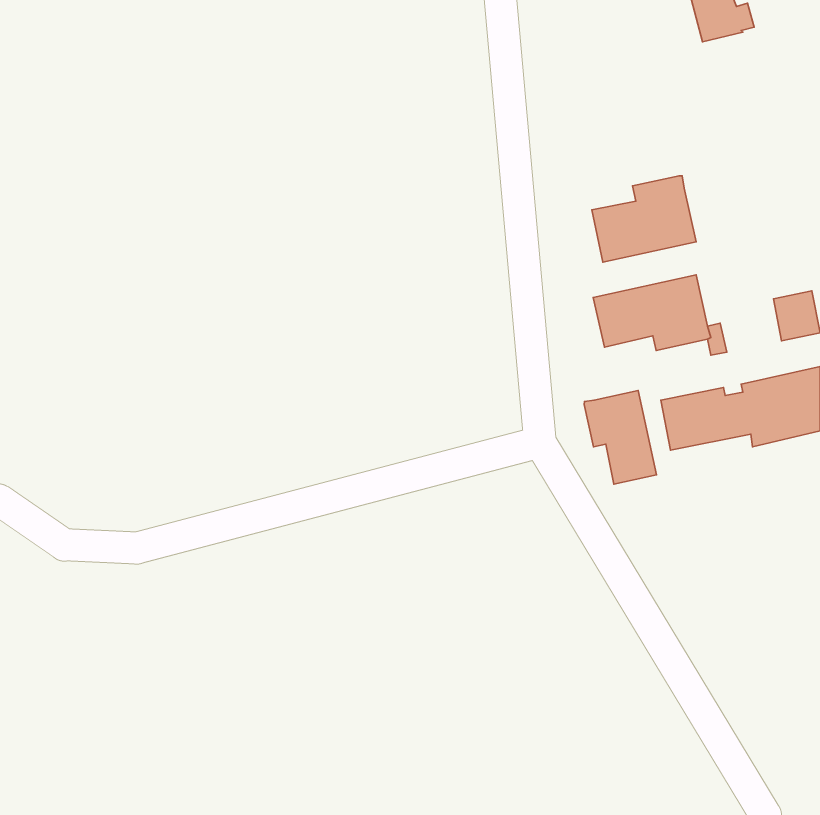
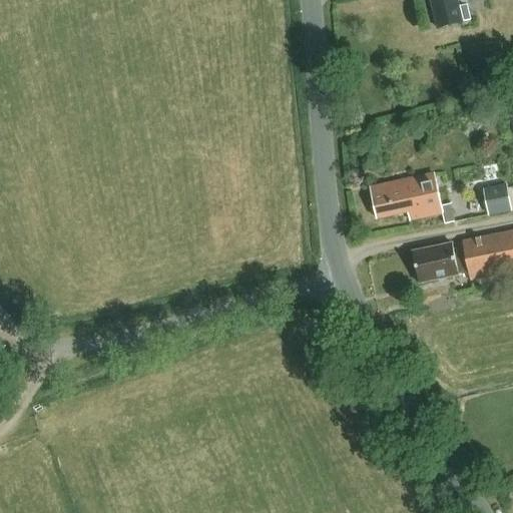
building: [592,176,696,262] -> none
building: [584,390,657,484] -> none

